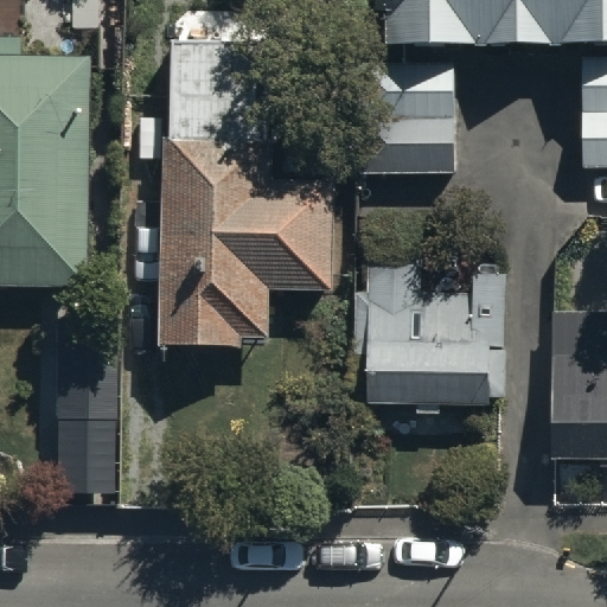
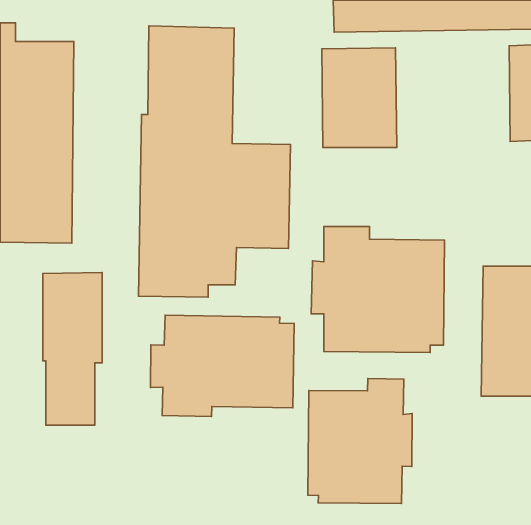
building: none -> [151,315,294,417]
building: none -> [308,378,412,504]

